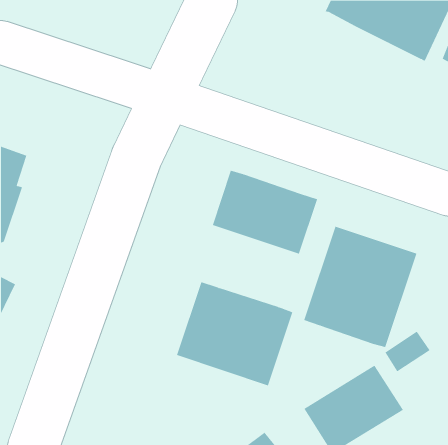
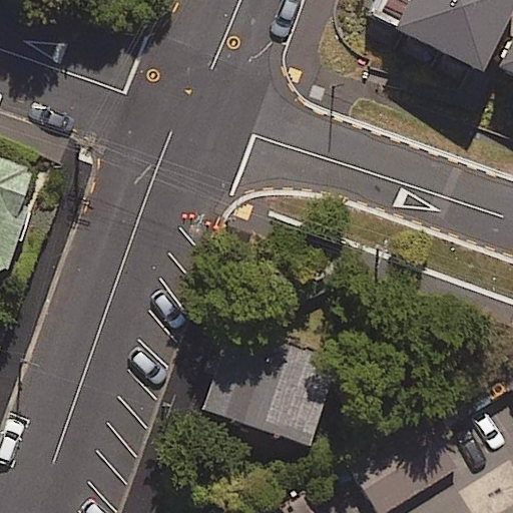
building: [212,170,318,254] -> none
building: [303,226,417,348] -> none

